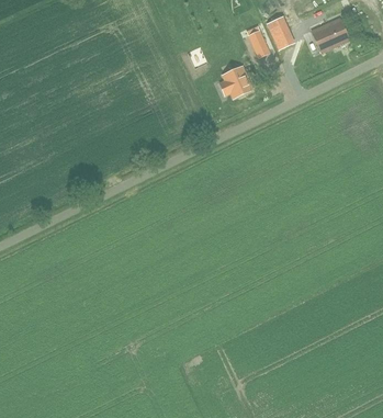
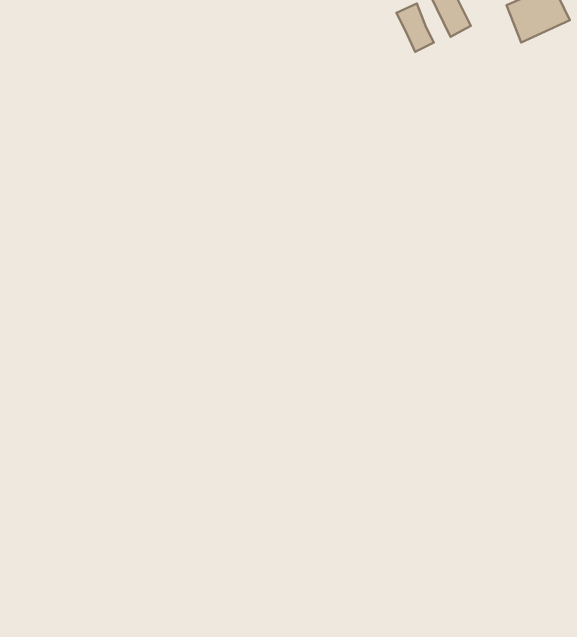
building: [221,65,252,97] -> none

